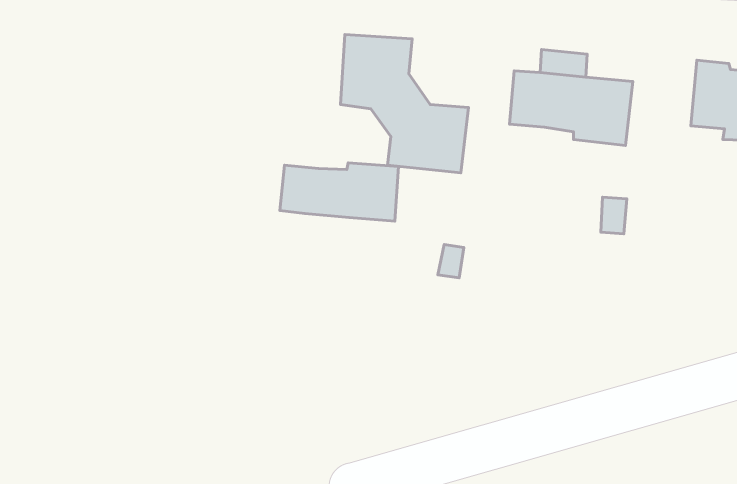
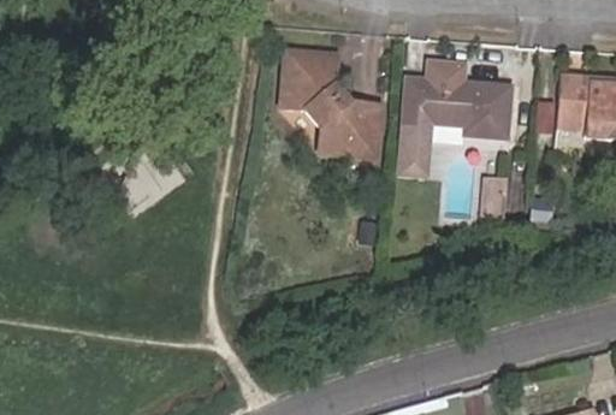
building: none -> [408,121,442,177]
building: [280,163,399,221] -> none

